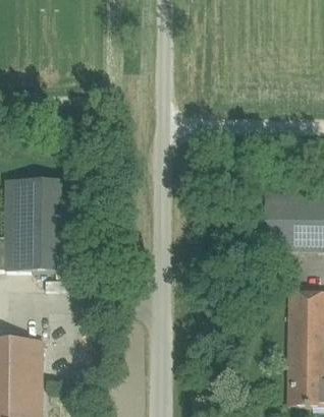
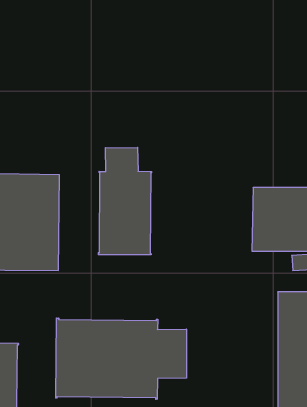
building: none -> [98,147,152,255]
building: none -> [56,318,186,399]

